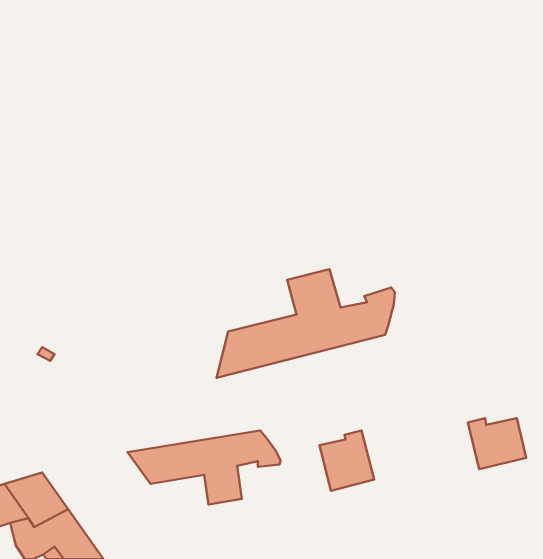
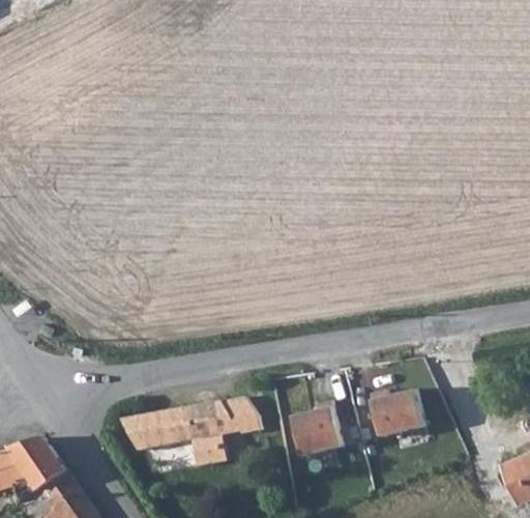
building: [217,269,395,378] -> none
building: [468,418,526,469] -> [372,388,424,435]

